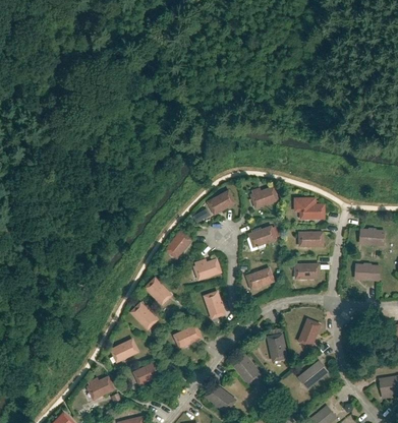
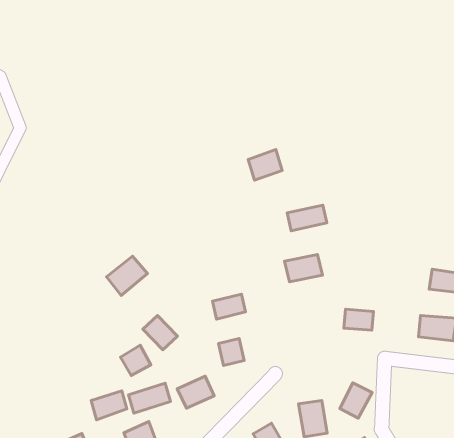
building: [213,190,239,215] -> [248,150,282,180]
building: [294,195,328,220] -> none
building: [297,230,326,247] -> none
building: [164,232,194,262] -> [107,256,147,296]
building: [246,267,276,290] -> none
building: none -> [129,383,170,413]

